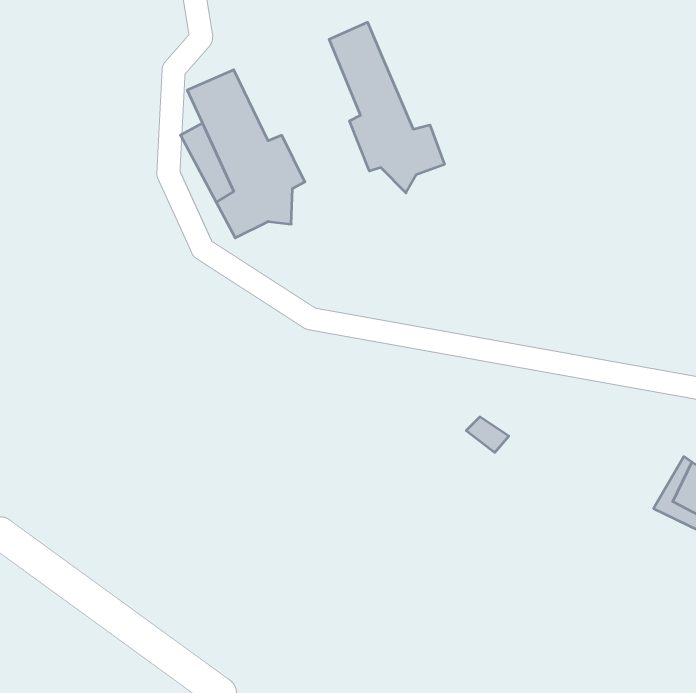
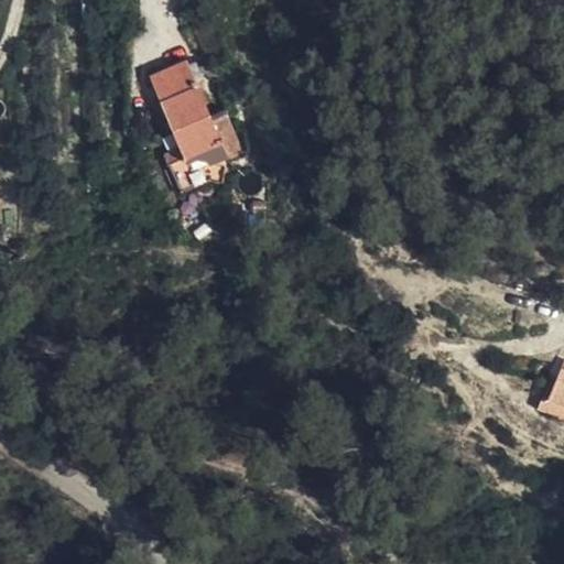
building: [329,22,444,193] -> none

